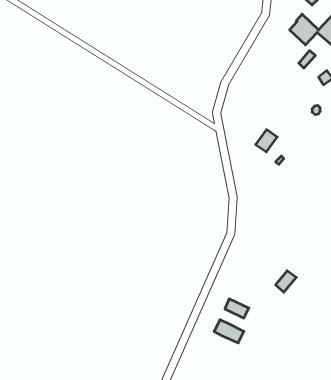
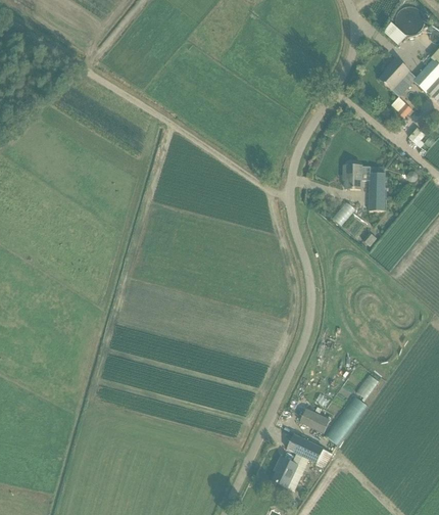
building: none -> [343,165,384,210]
building: none -> [271,457,296,486]

